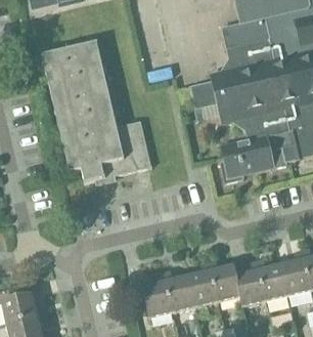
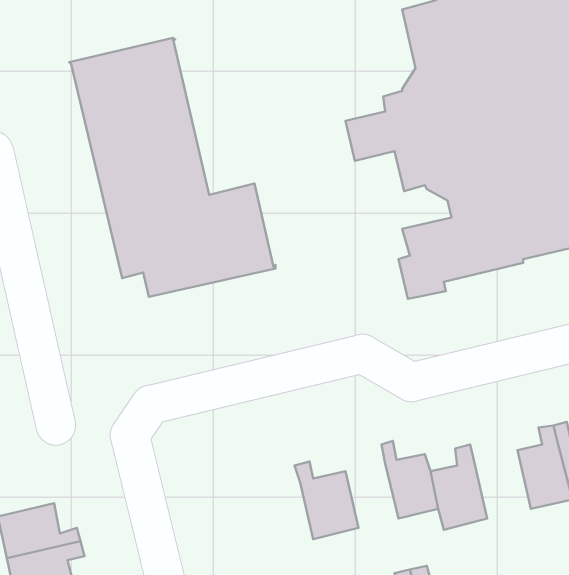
building: [257,259,289,301] -> none
building: [189,261,218,306] -> none
building: [141,272,172,318] -> none

